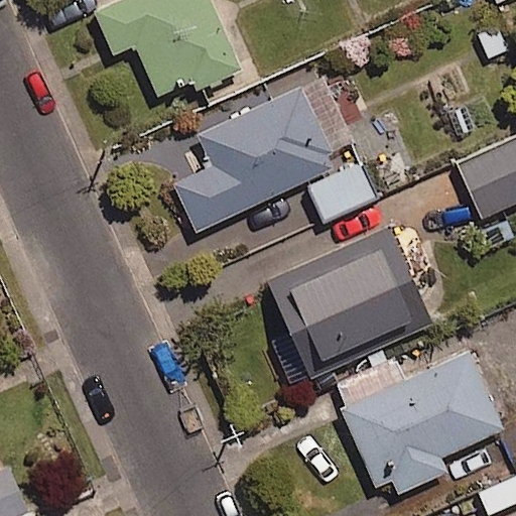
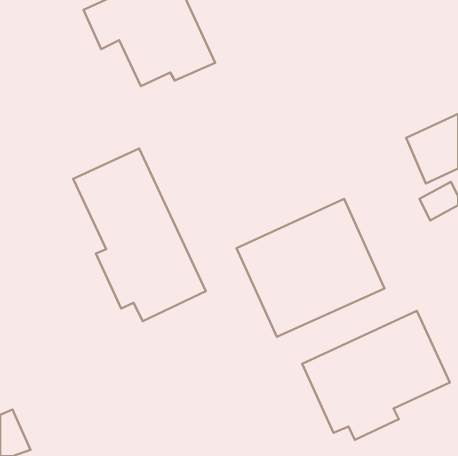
building: [173,86,333,232] -> none
building: none -> [73,148,206,321]

